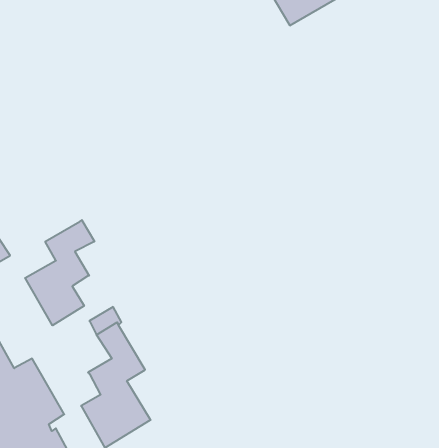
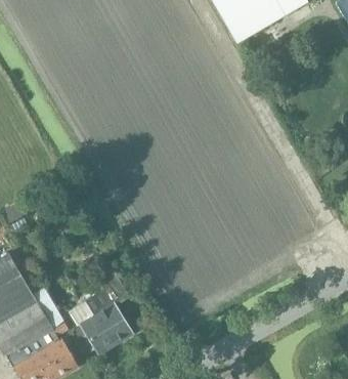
building: [25,220,94,325] -> none

